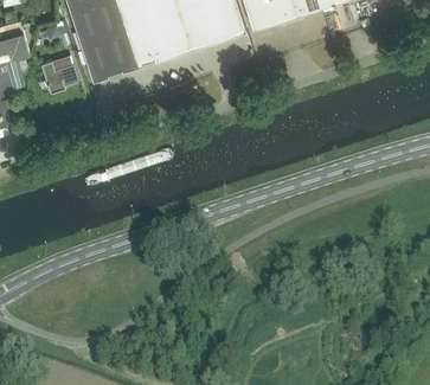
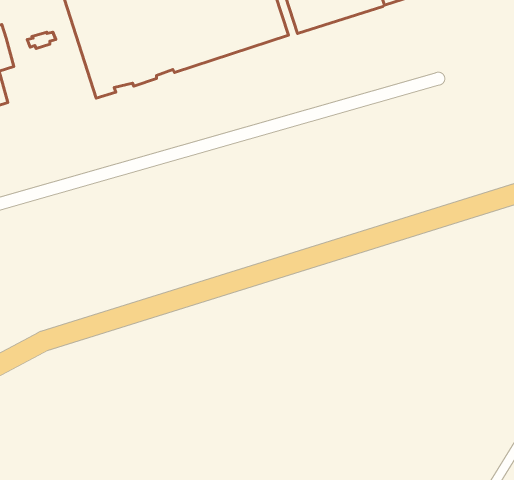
building: [41,57,79,96] -> none

